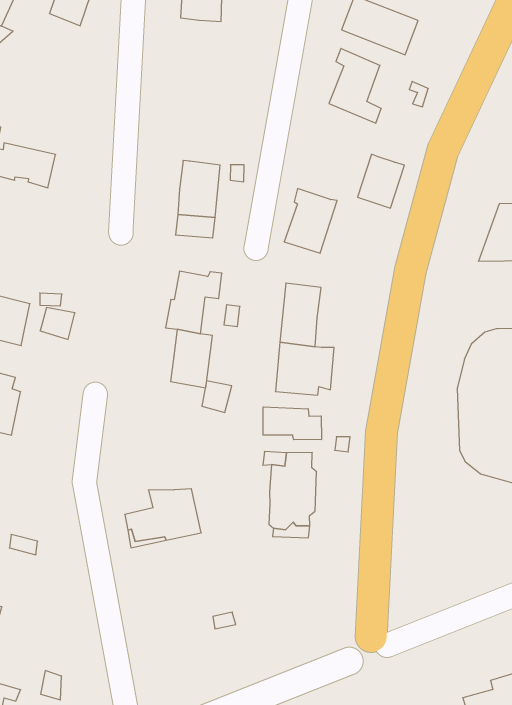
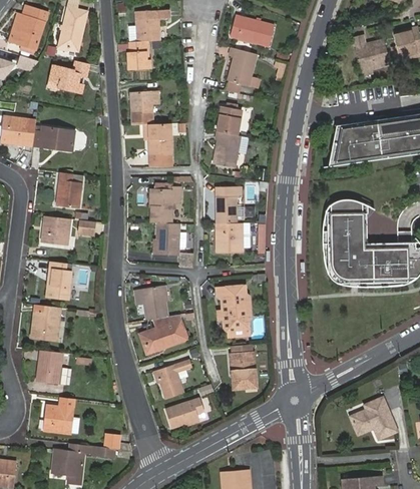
building: none -> [127,41,149,70]
building: none -> [46,61,91,94]
building: none -> [130,90,161,125]
building: [358,154,404,208] -> [218,106,243,136]
building: none -> [54,172,80,207]
building: [263,407,321,440] -> none
building: none -> [133,287,167,321]
building: none -> [232,345,258,388]
building: none -> [154,360,191,401]
building: none -> [165,400,203,428]

